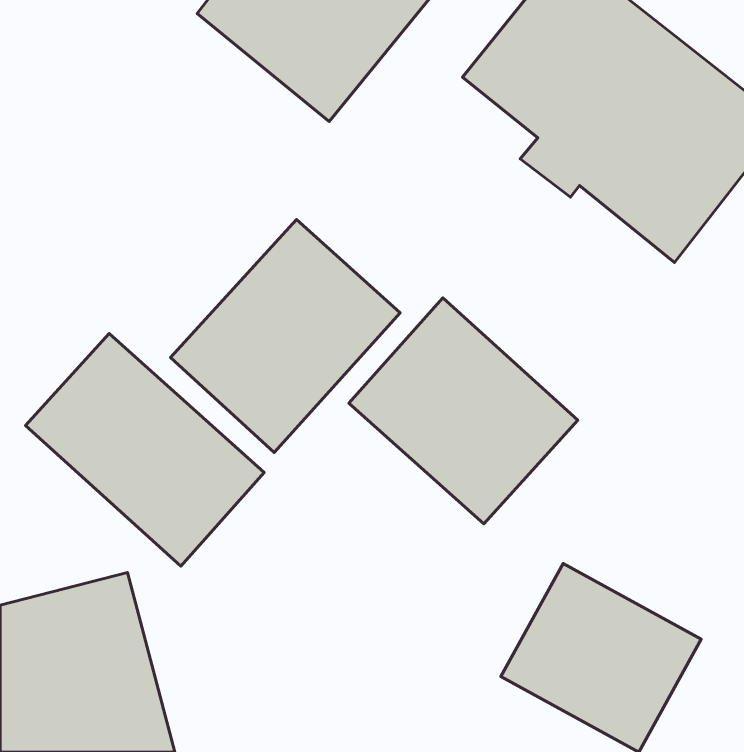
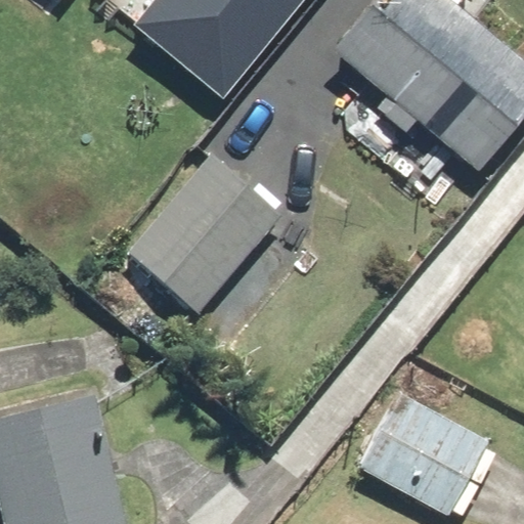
building: [349,298,578,524] -> none
building: [25,333,264,566] -> none

